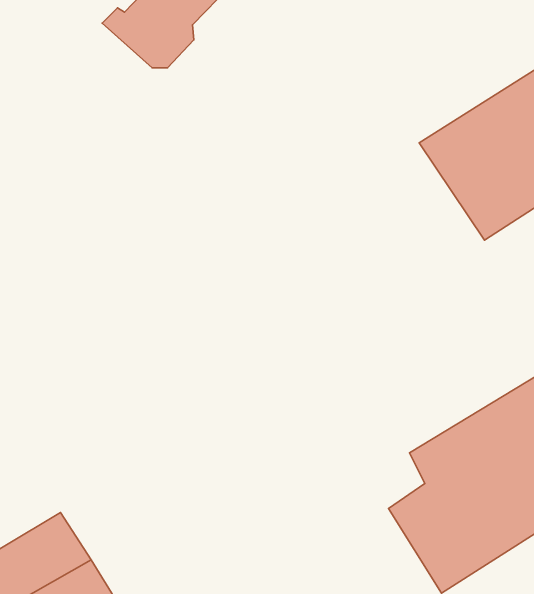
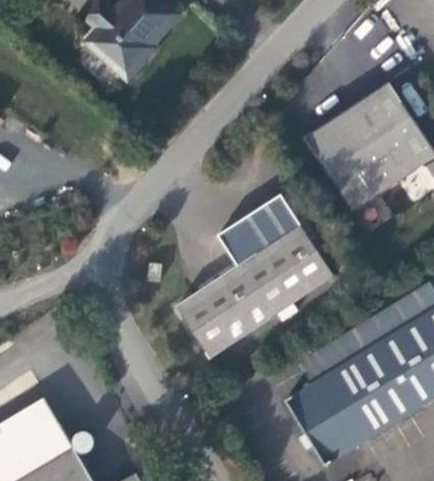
building: none -> [178,198,334,356]

